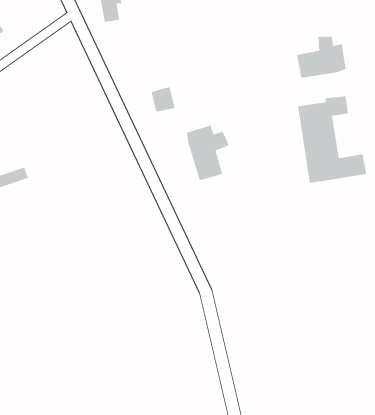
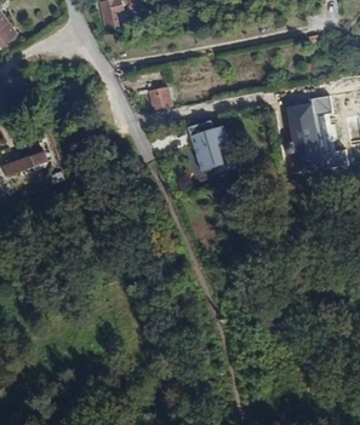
building: [296,36,347,79] -> none

